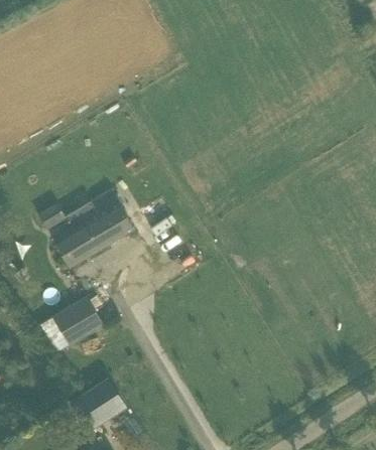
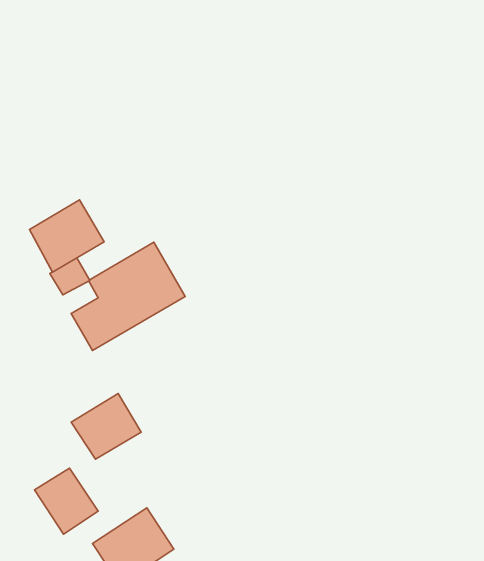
building: none -> [30,200,104,272]
building: none -> [34,468,98,534]

